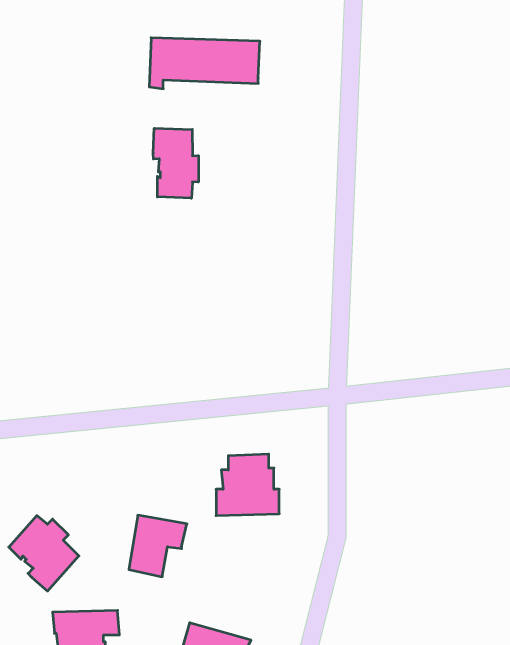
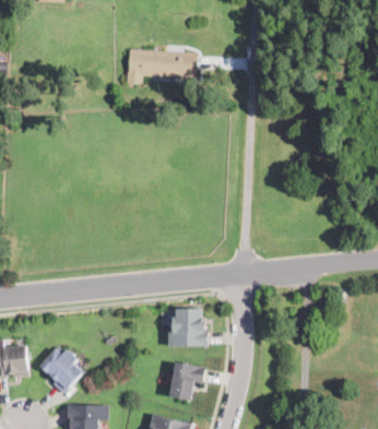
building: [153,128,198,198] -> none
building: [129,515,187,577] -> [168,361,204,400]

